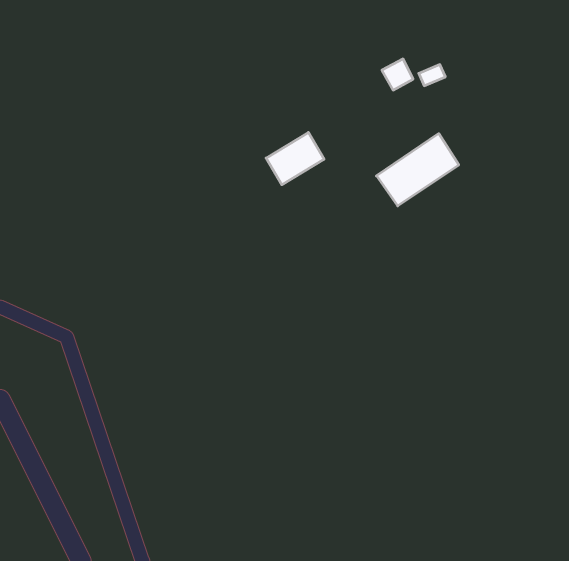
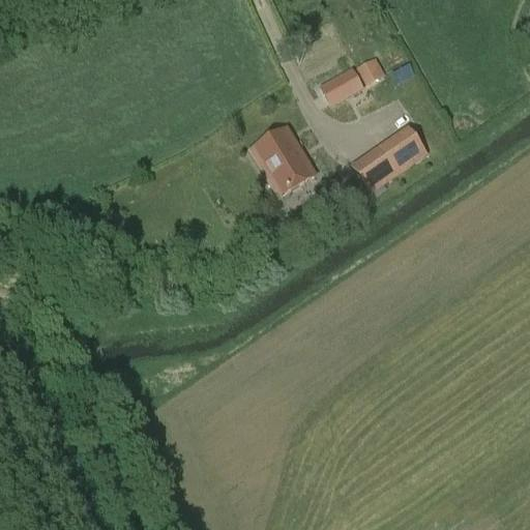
building: none -> [324,72,359,102]
building: none -> [262,148,316,196]

